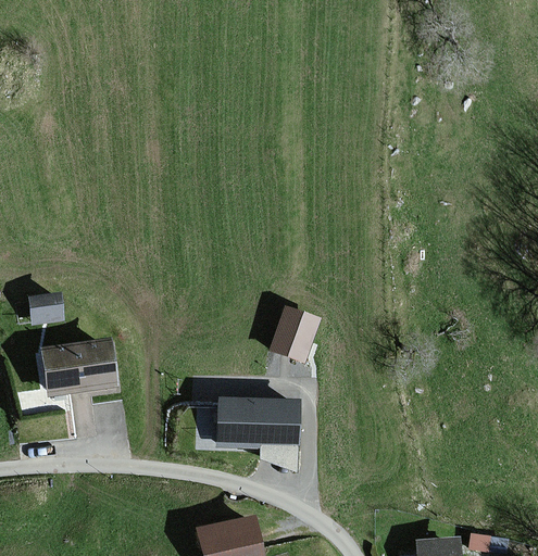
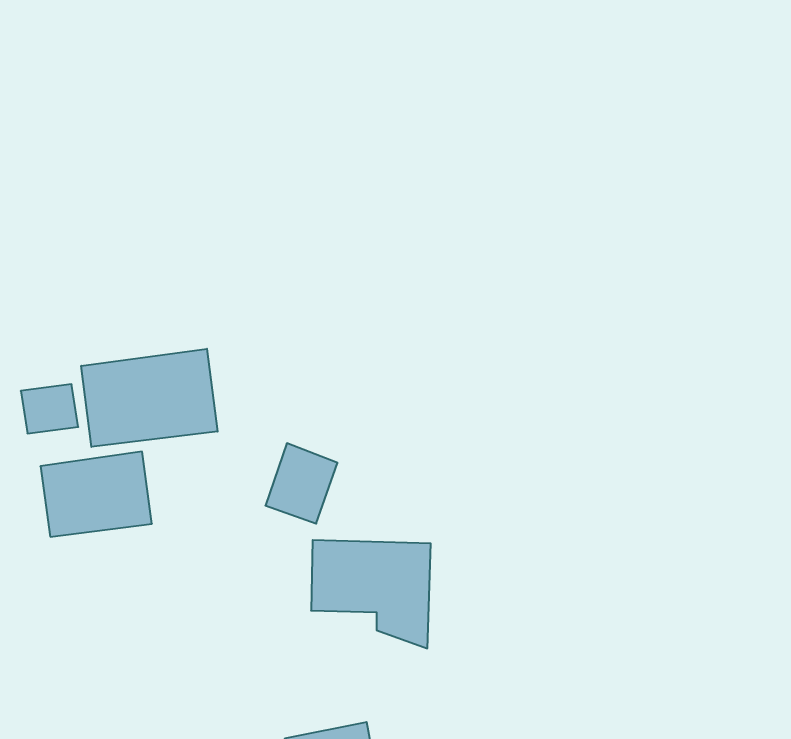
building: none -> [81,349,218,447]
building: [271,308,318,362] -> [265,443,338,524]

